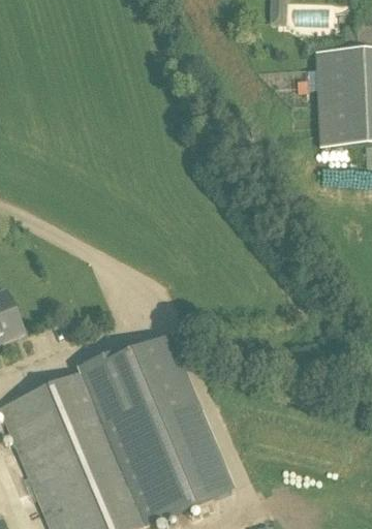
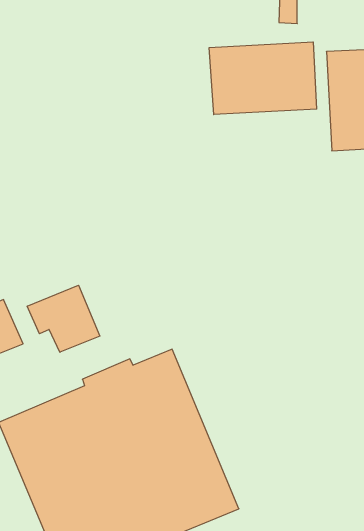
building: none -> [209,42,317,115]
building: none -> [27,285,100,352]

